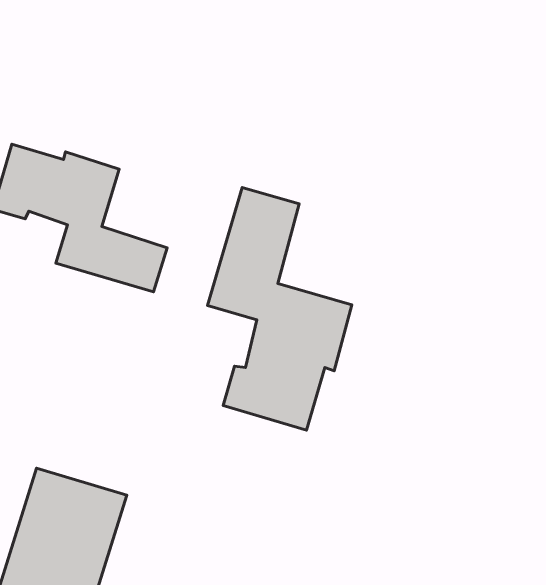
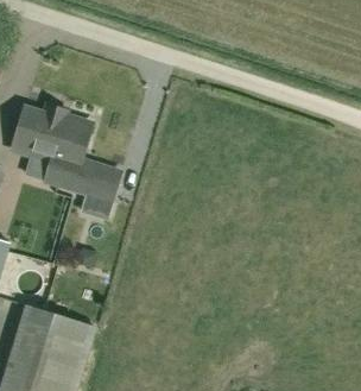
building: [208,188,352,430] -> none

